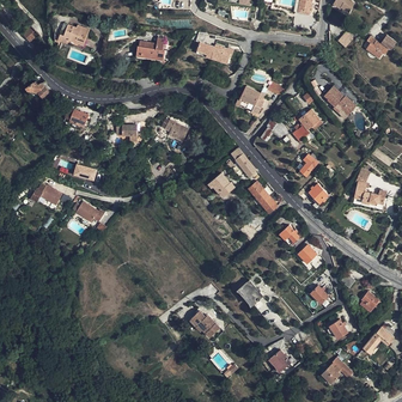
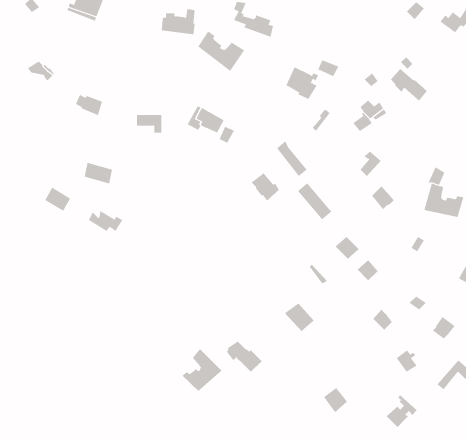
building: none -> [197,30,245,72]
building: none -> [182,348,223,392]

